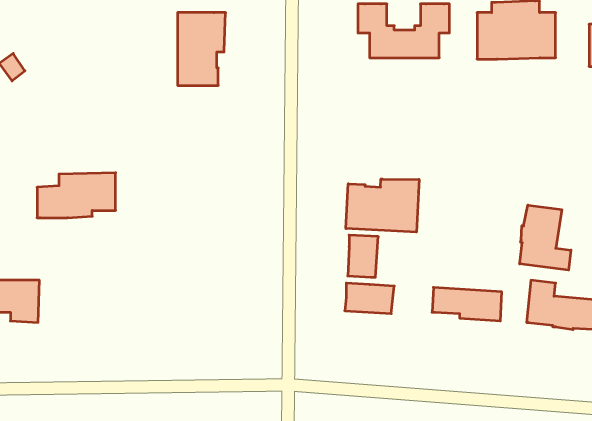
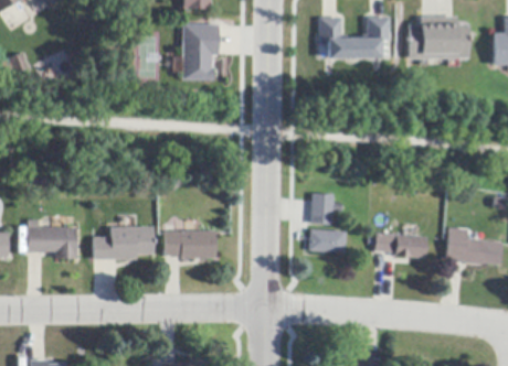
building: [37,173,116,218] -> [94,226,154,260]
building: [346,179,419,232] -> none
building: [520,205,571,270] -> none
building: none -> [165,230,215,258]

